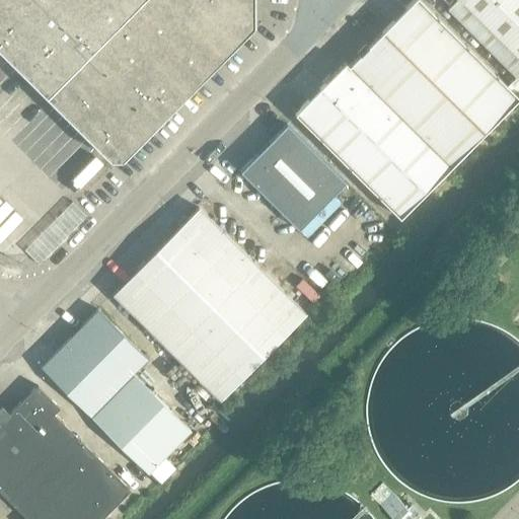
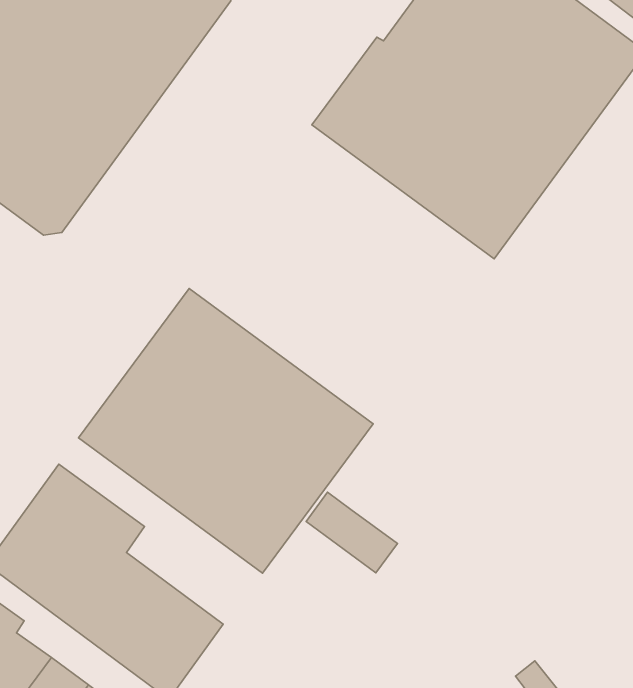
building: [240,127,346,232] -> none
building: none -> [306,492,397,573]

